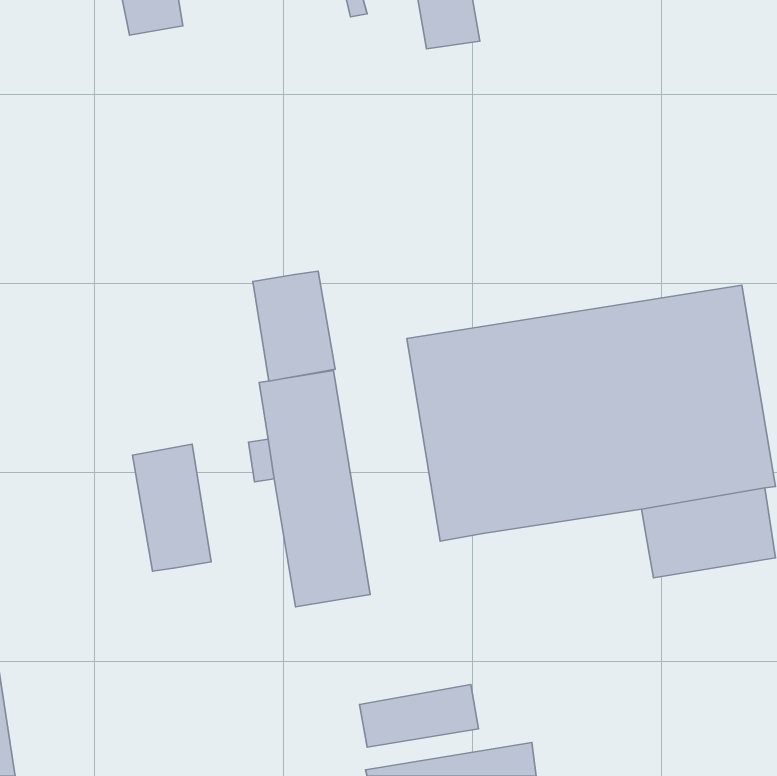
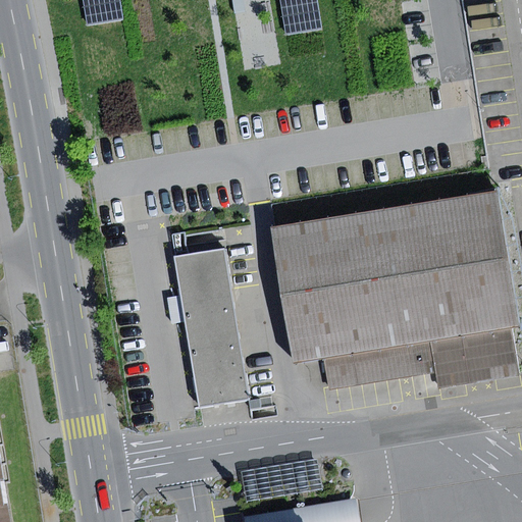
building: [253,271,335,381] -> none
building: [132,444,211,571] -> none
building: none -> [323,341,434,387]

